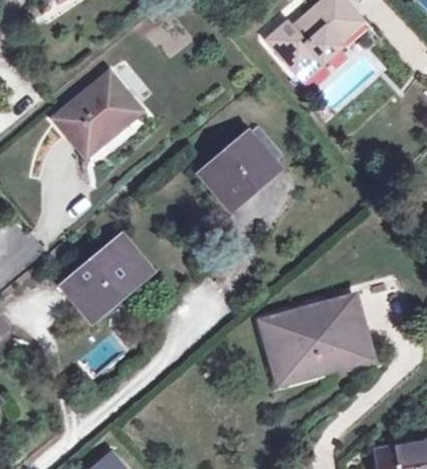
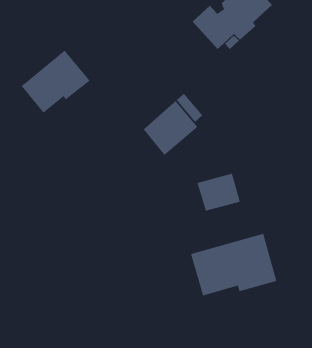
building: none -> [197,173,240,211]
building: [67,241,147,317] -> none

